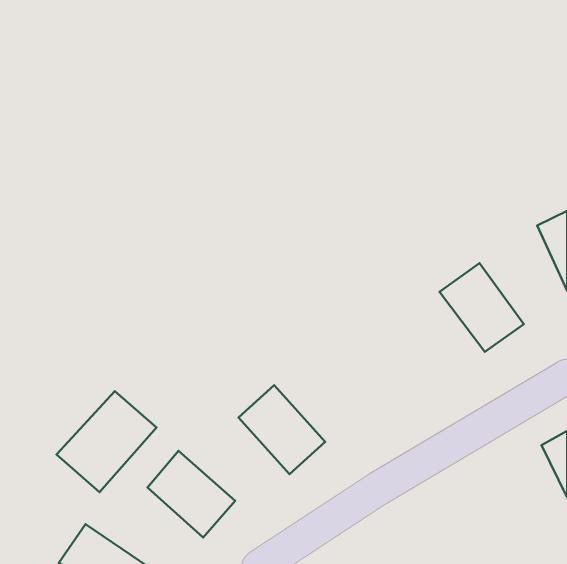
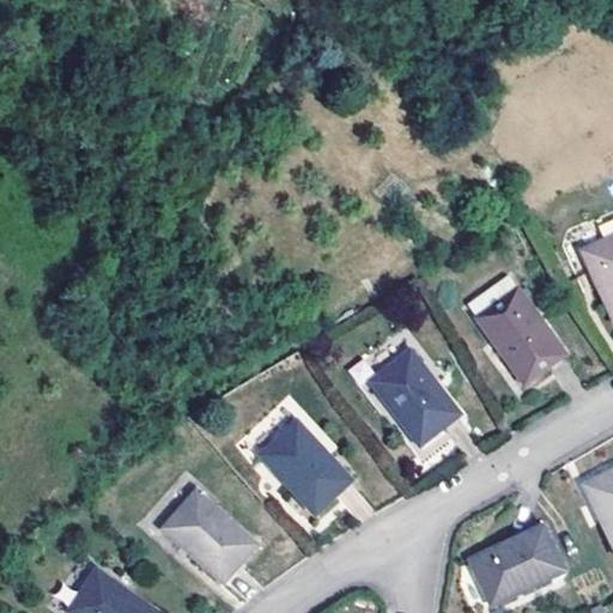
building: none -> [369,350,460,445]
building: [56,391,156,492] -> none
building: none -> [469,522,568,606]

